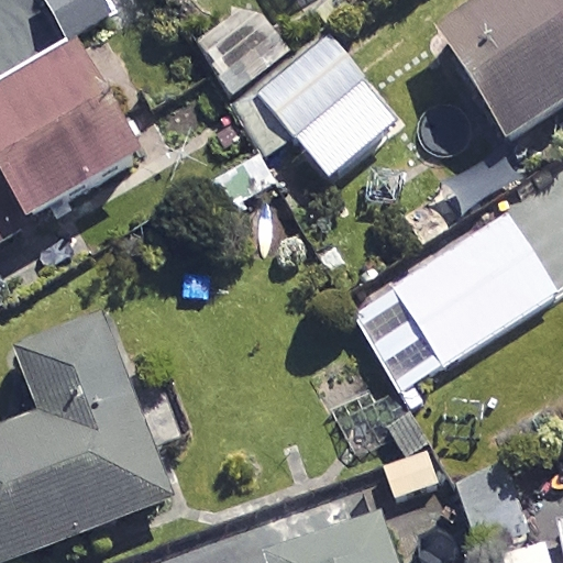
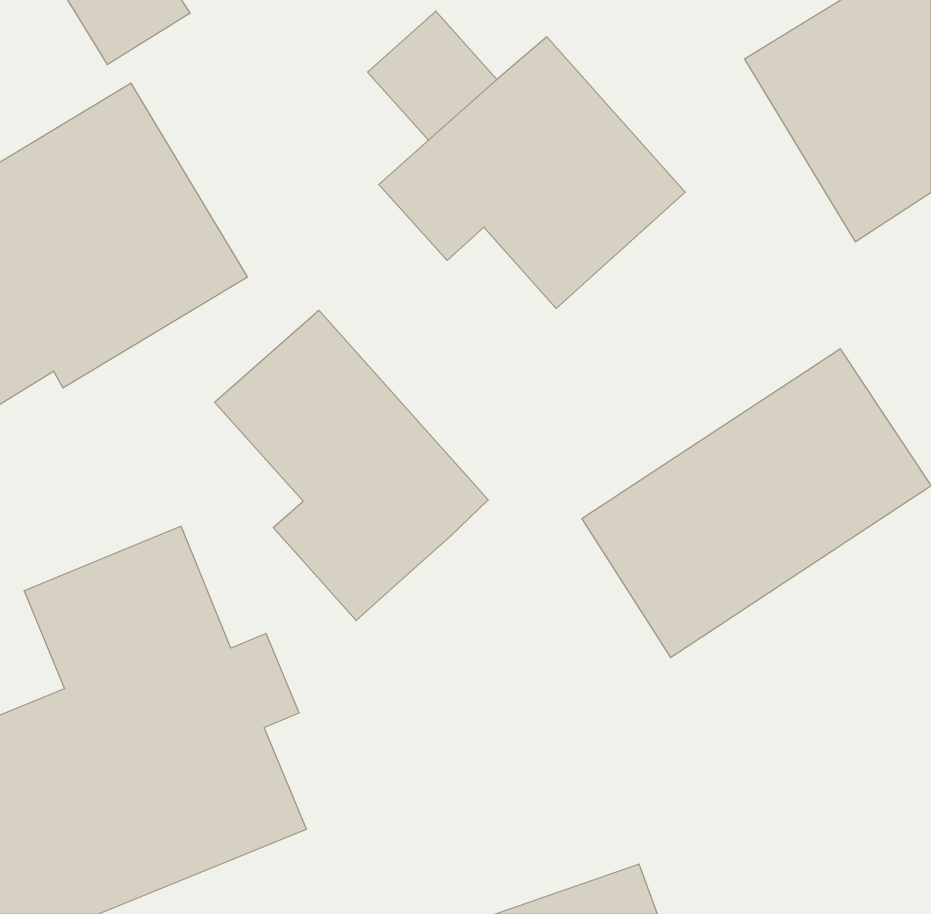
building: none -> [214,310,488,621]

